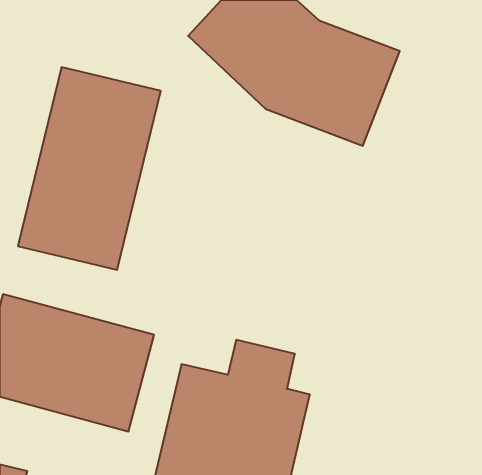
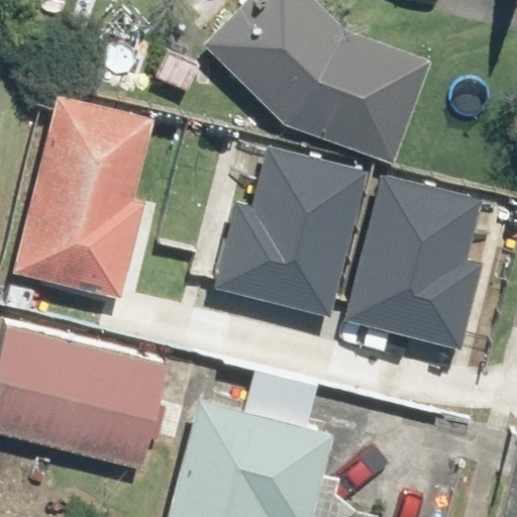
building: none -> [207,145,369,311]
building: none -> [349,176,489,347]

